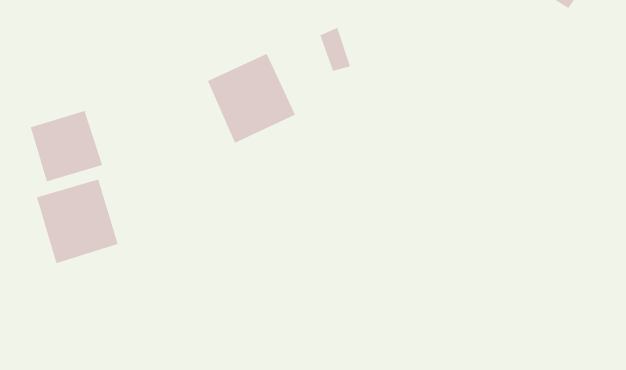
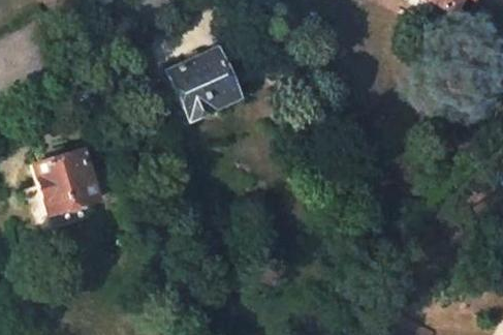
building: [30,110,103,182] -> none

